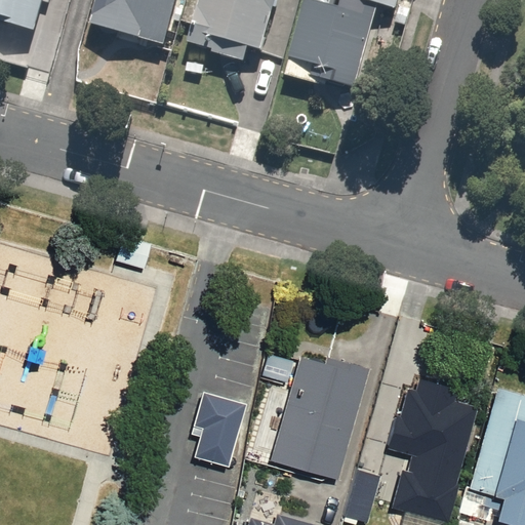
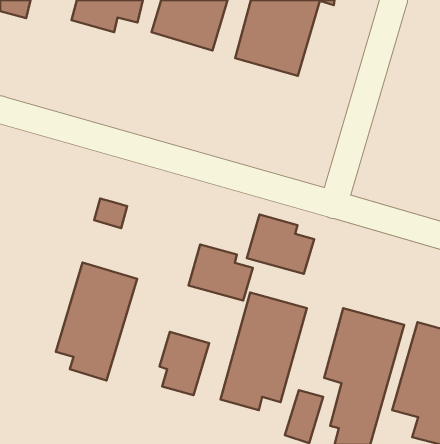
building: none -> [247,215,314,274]
building: none -> [188,244,253,300]
building: none -> [56,263,137,380]

